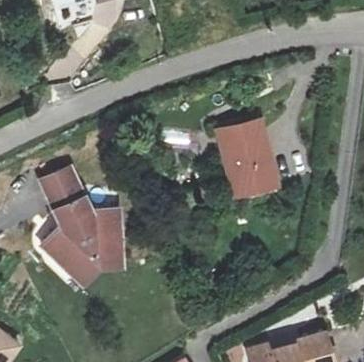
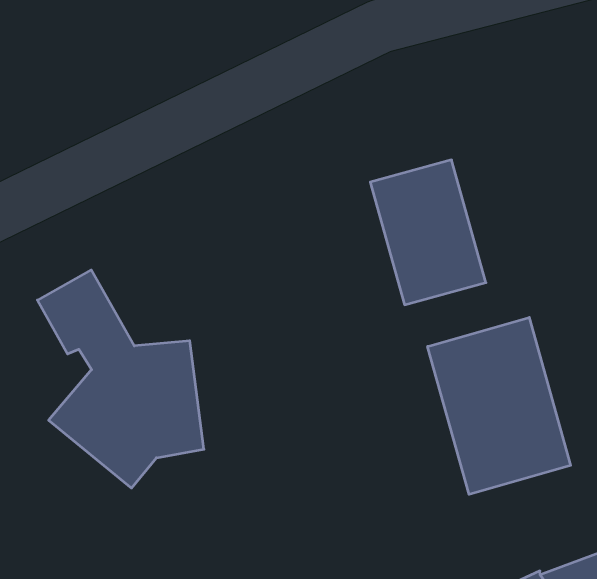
building: none -> [428,317,571,494]

